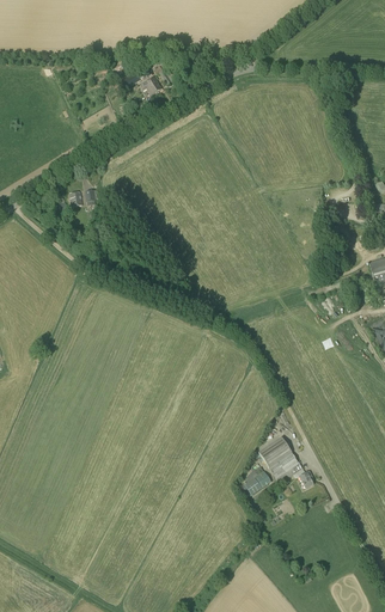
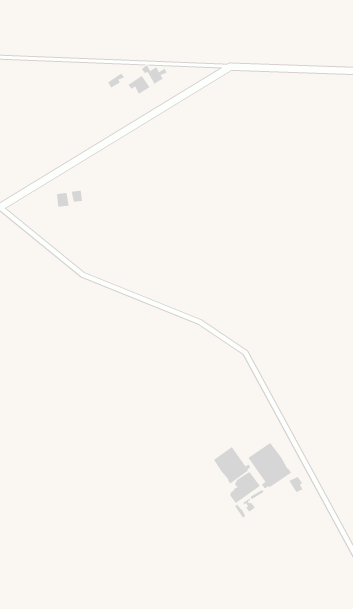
building: none -> [213,446,251,484]

